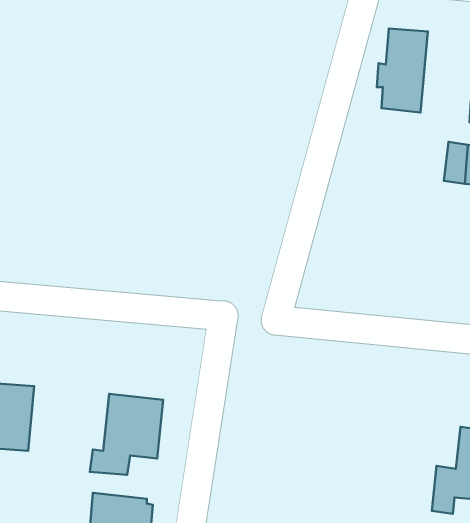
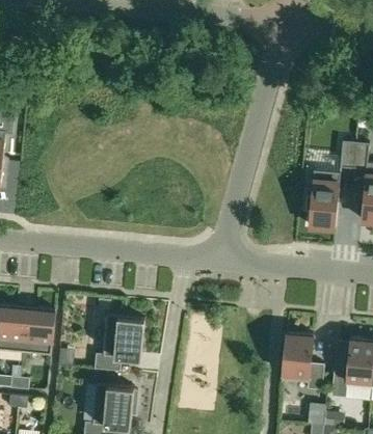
building: [377,29,428,113] -> [304,170,340,228]
building: none -> [282,332,324,390]

